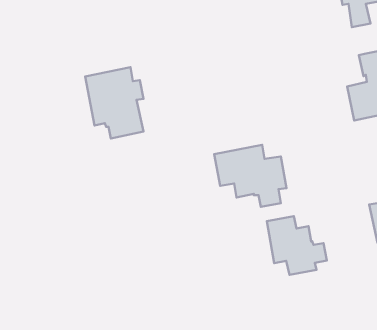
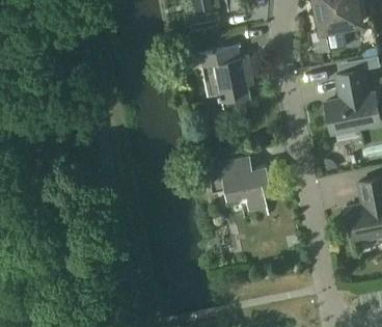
building: [85,67,143,138] -> [200,45,252,108]
building: [267,216,327,275] -> none

